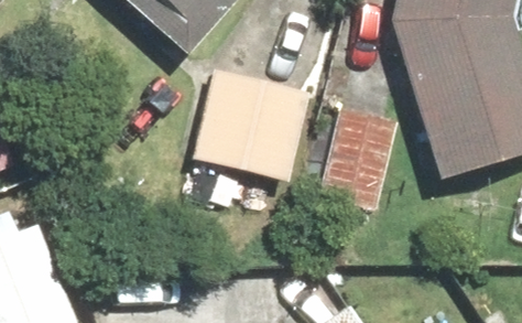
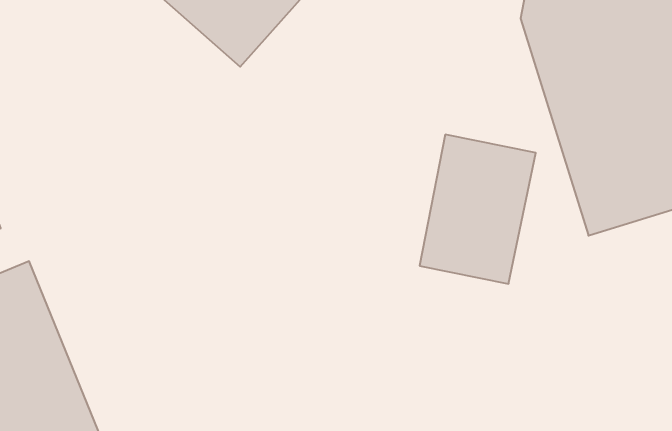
building: [193,65,314,182] -> none

